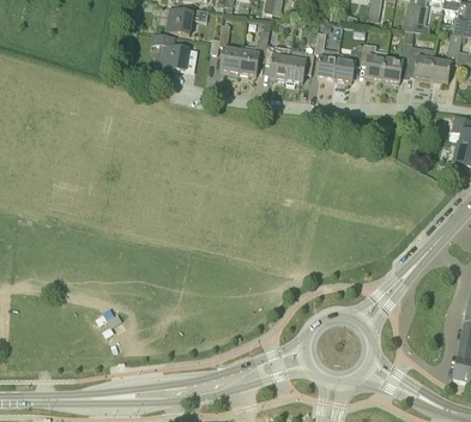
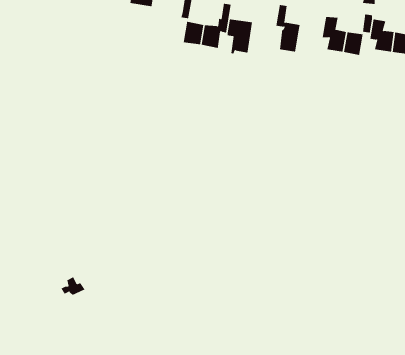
building: [152,34,188,70] -> none
building: [285,49,314,85] -> none
building: [334,49,363,82] -> none

